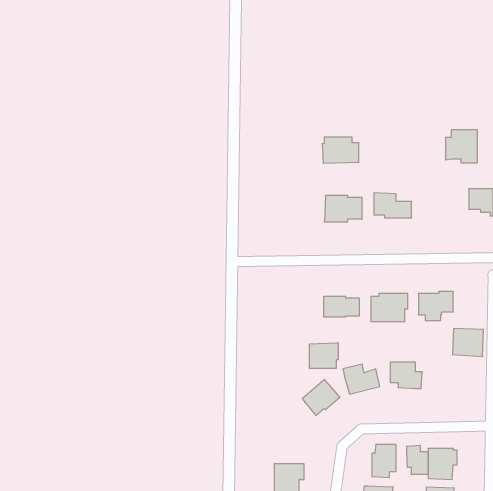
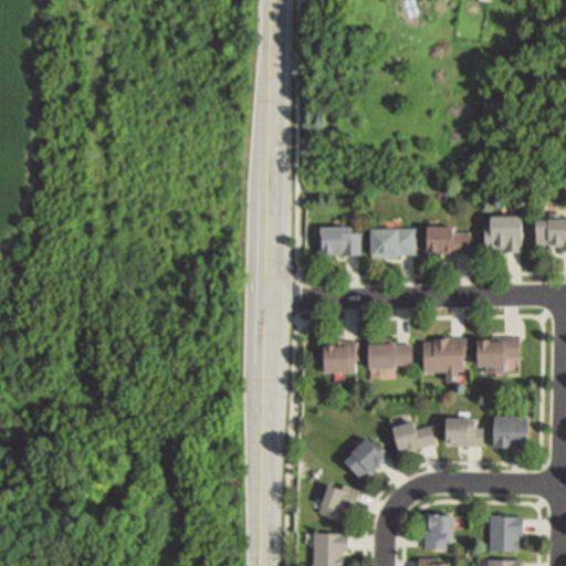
building: [445,130,477,163] -> [484,214,521,252]
building: [322,137,359,163] -> [316,226,358,255]
building: [453,328,484,356] -> [492,416,527,448]
building: [309,343,338,368] -> [324,342,357,370]
building: none -> [317,484,357,523]
building: [407,445,428,475] -> none

